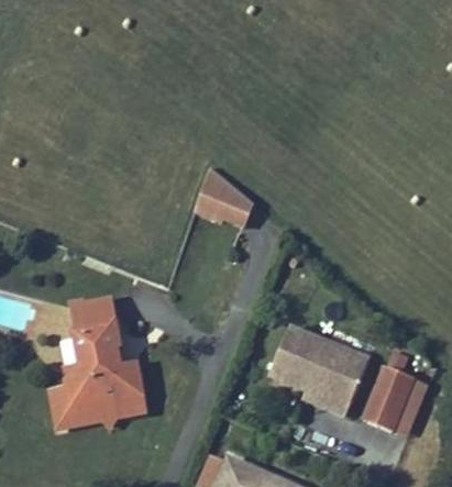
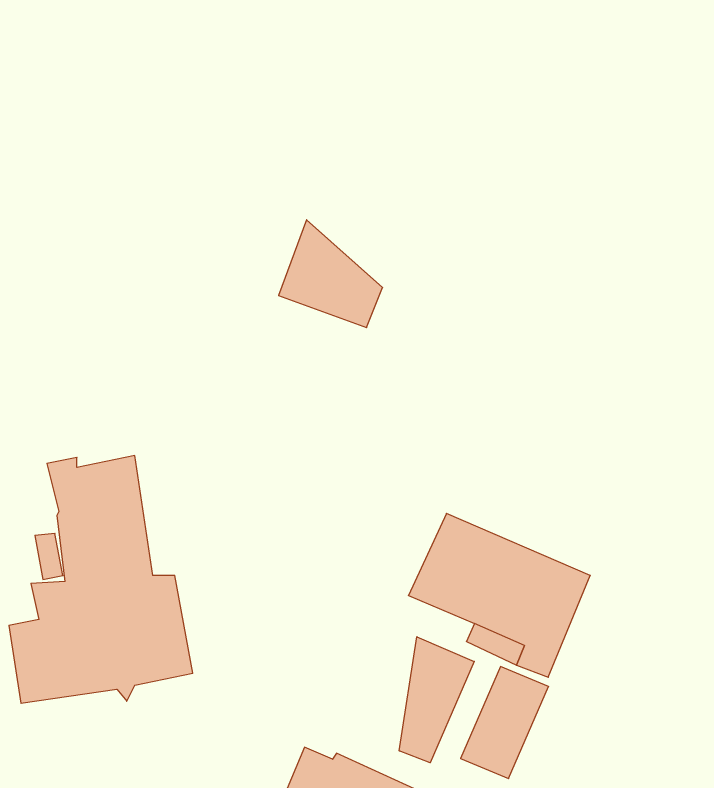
building: [364,368,412,430] -> [461,667,549,779]
building: none -> [399,637,474,763]

